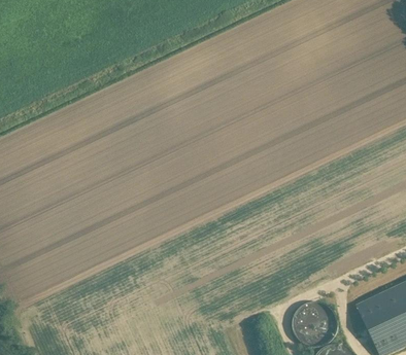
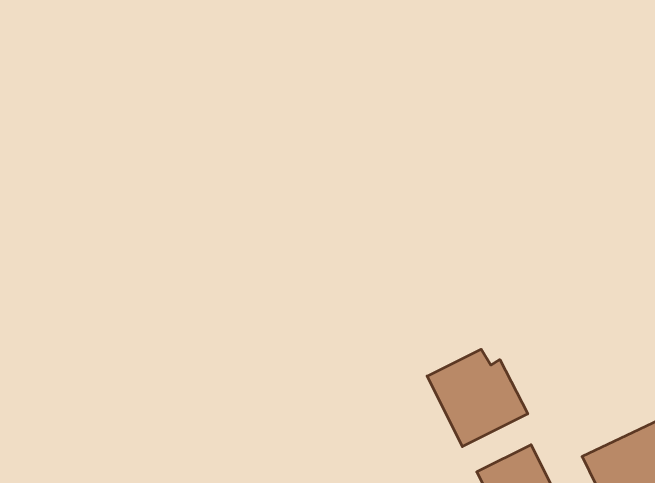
building: none -> [427,349,528,447]

